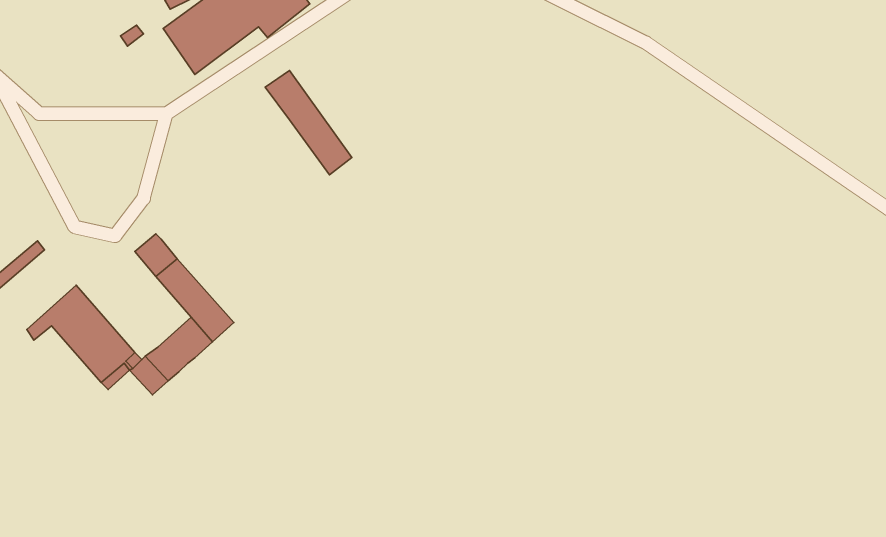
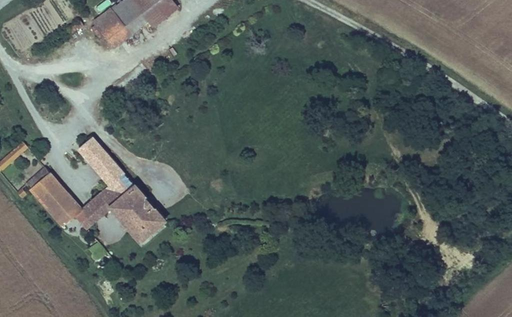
building: [265,71,352,175] -> none
building: none -> [112,187,164,240]

